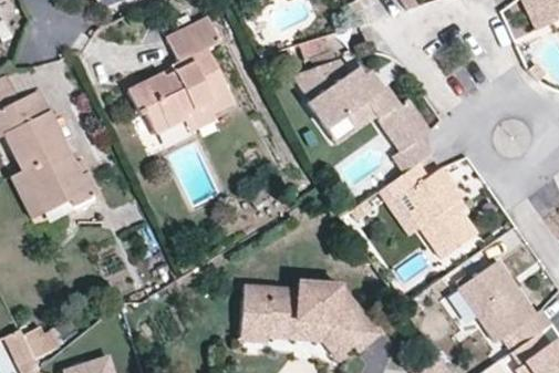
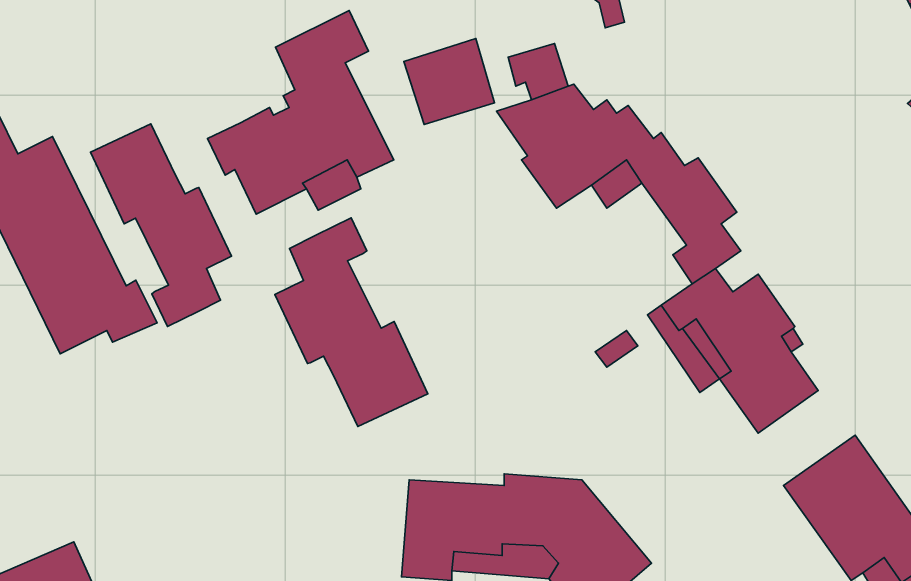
building: none -> [404,39,494,125]
building: none -> [91,124,231,327]
building: none -> [275,218,428,427]

